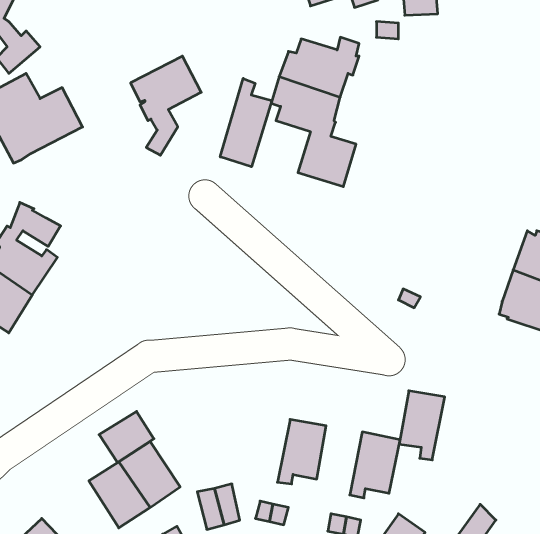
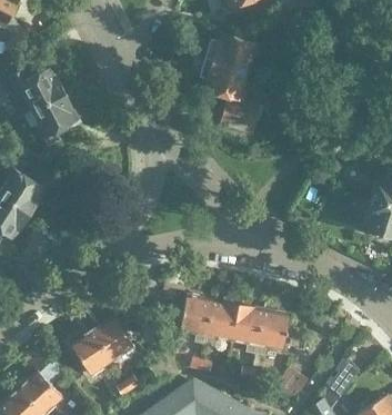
building: [131,56,201,155] -> [30,92,80,162]
building: [220,78,272,167] -> none
building: [399,391,445,460] -> [232,304,264,353]
building: [99,411,154,463] -> none
building: none -> [180,294,213,344]

